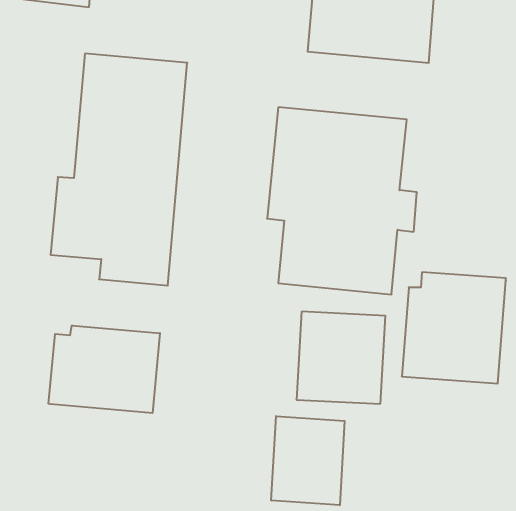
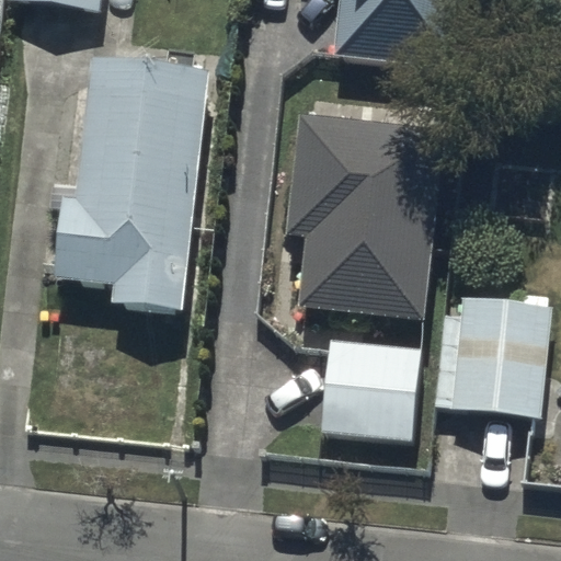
building: [48,325,160,413] -> none
building: [271,416,345,505] -> none

